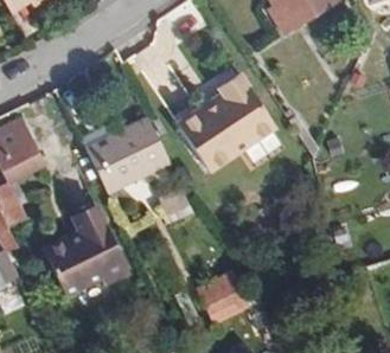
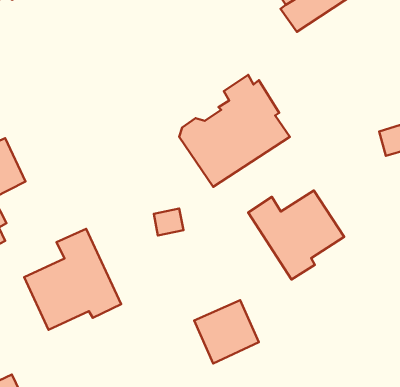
building: [85,117,171,194] -> none
building: none -> [248,190,344,279]

